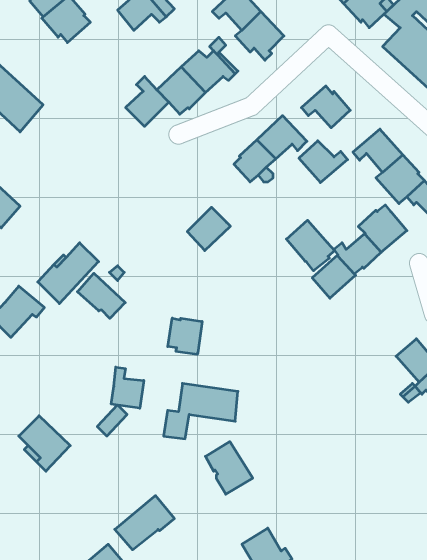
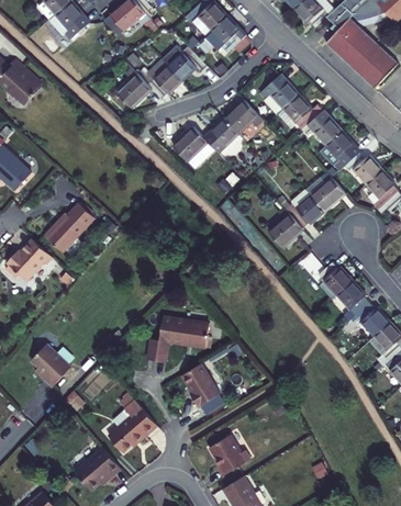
building: [299,141,348,183] -> [283,95,323,130]
building: [187,207,230,251] -> [172,127,208,162]
building: [286,220,335,271] -> none
building: [77,273,125,318] -> none
building: none -> [318,262,353,301]
building: [168,318,202,354] -> none
building: [111,367,144,408] -> none

